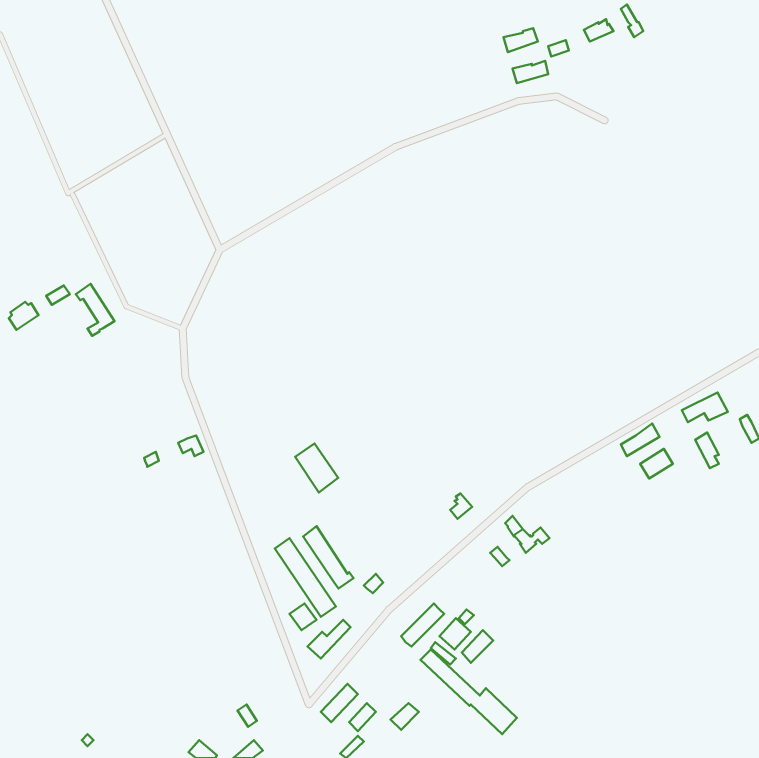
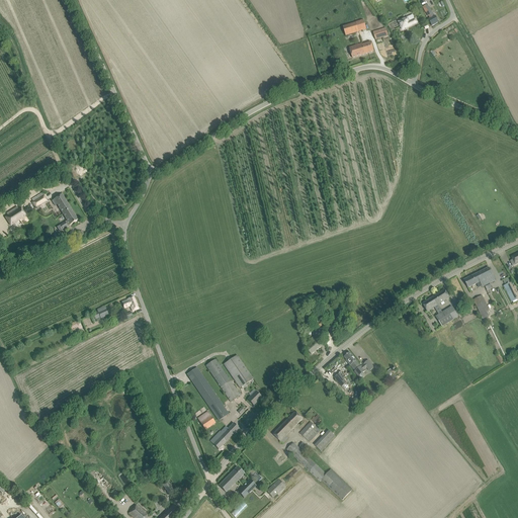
building: [295,444,338,493] -> [224,354,253,387]

